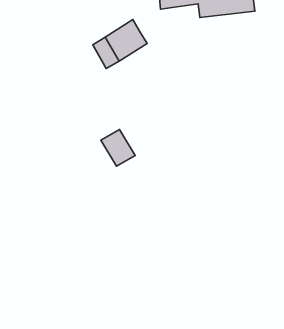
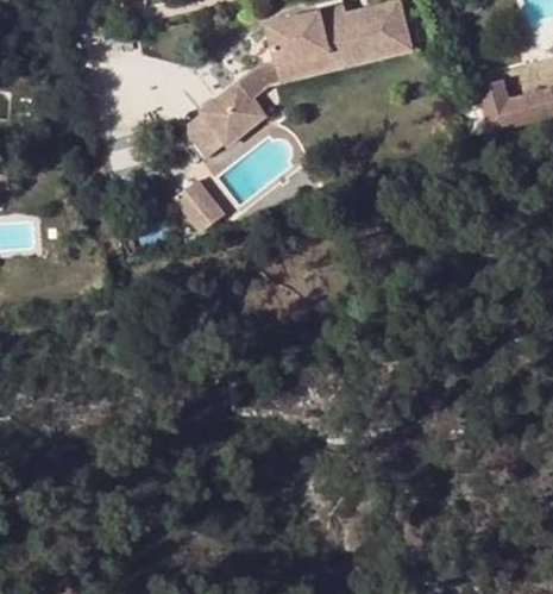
building: none -> [238,48,334,98]
building: [101,130,135,166] -> [172,179,225,232]

